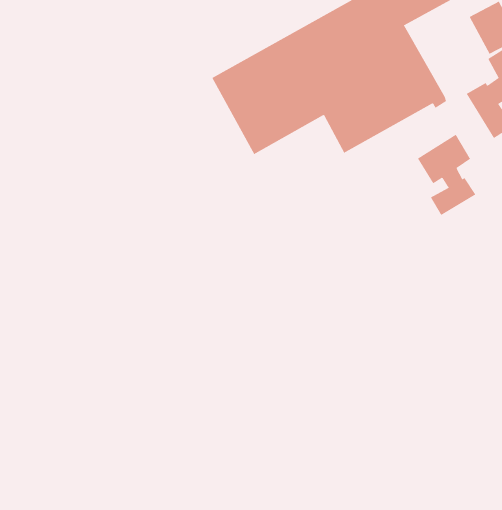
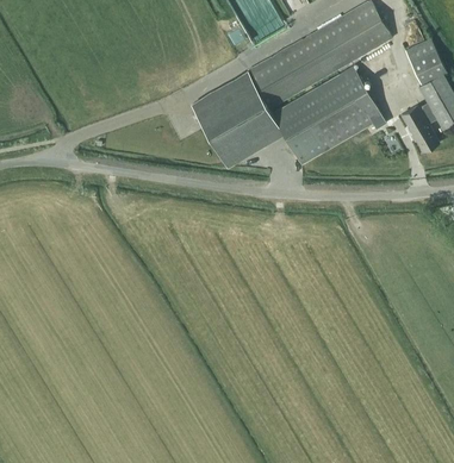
building: [417,134,476,216] -> none

